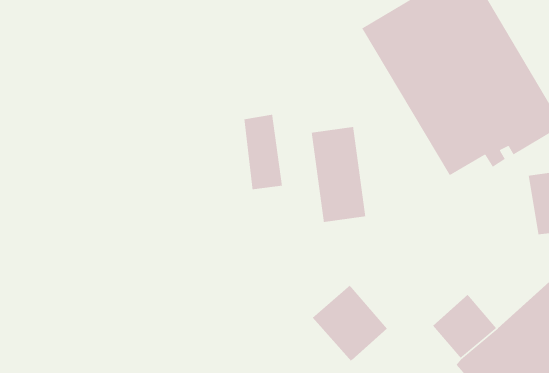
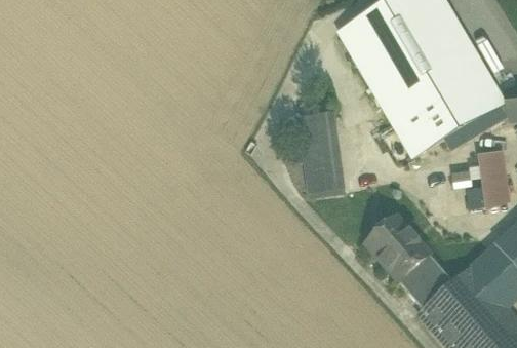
building: [244,114,283,190] -> none
building: [312,285,388,362] -> [365,215,429,279]

